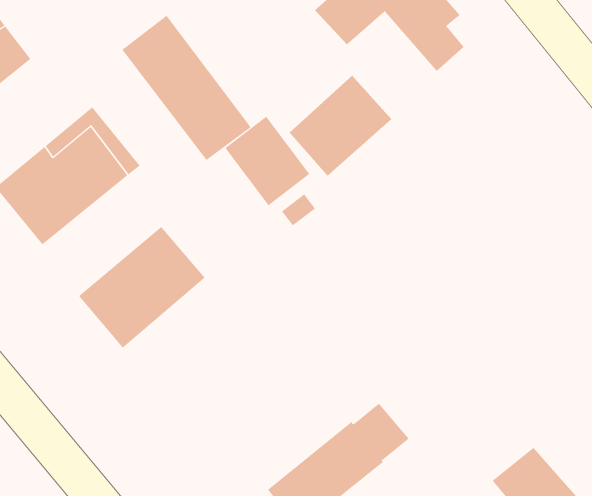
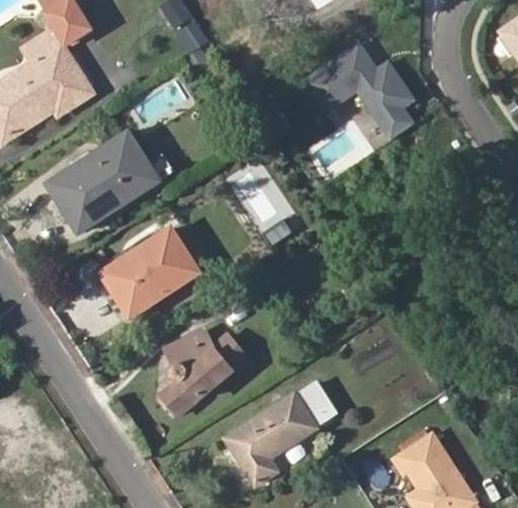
building: [122,15,251,161] -> none
building: [289,75,392,177] -> none
building: none -> [160,331,245,416]

